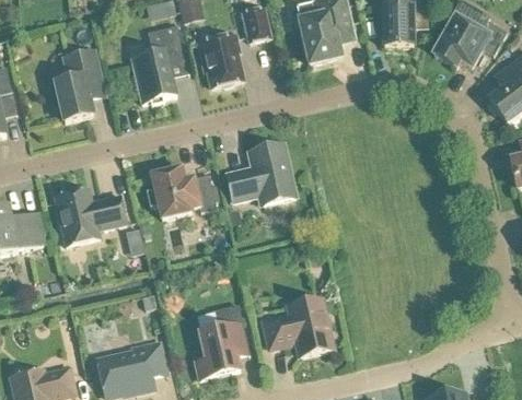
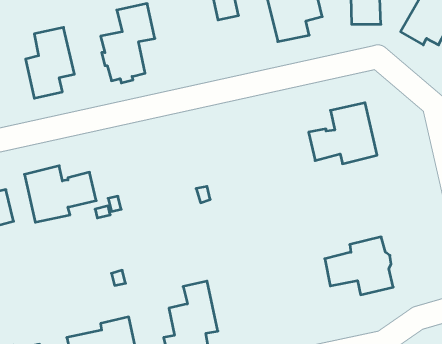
building: [198,33,244,85] -> none
building: [227,142,295,203] -> [309,103,377,164]
building: [147,166,217,216] -> none
building: [264,297,333,355] -> [325,237,393,295]

